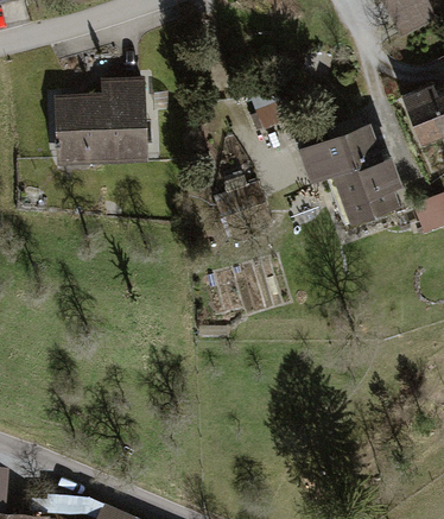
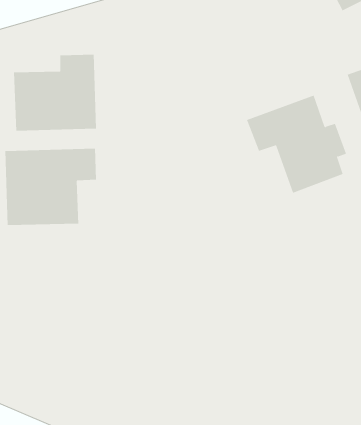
building: none -> [5,148,97,226]

